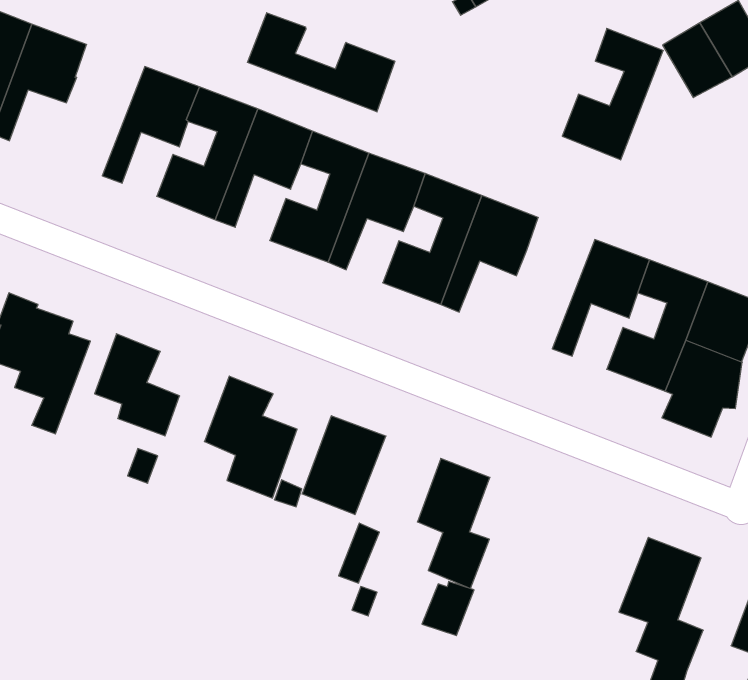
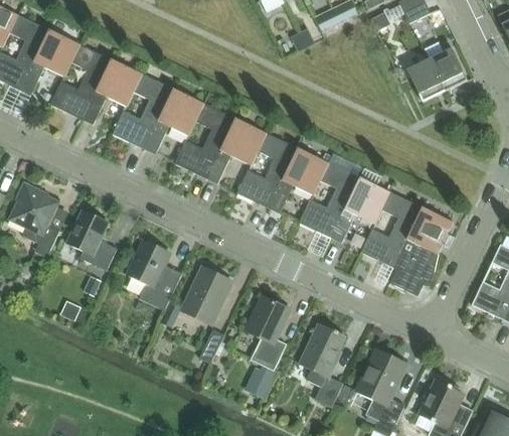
building: [247,13,395,112] -> none
building: [562,28,663,160] -> [299,162,360,238]
building: none -> [50,43,112,119]
building: none -> [299,322,345,407]

